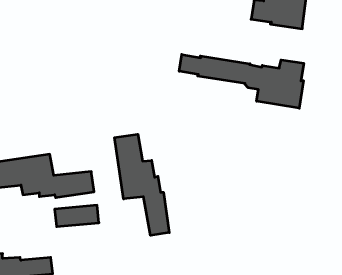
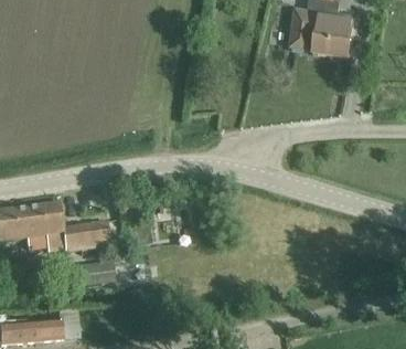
building: [179,54,304,108] -> none
building: [115,134,169,235] -> none

